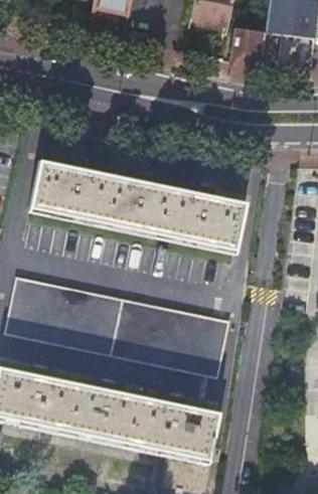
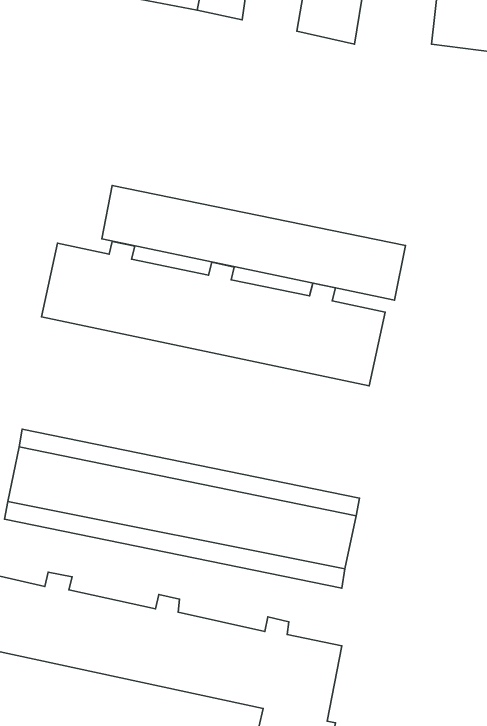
building: [231,28,266,65] -> none
building: none -> [102,185,406,300]

